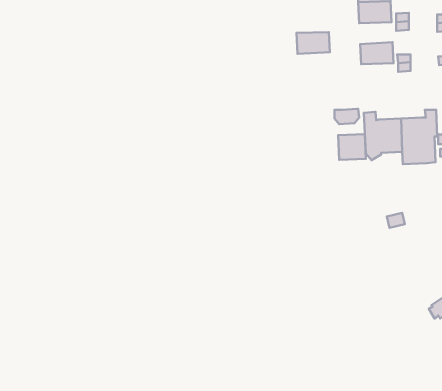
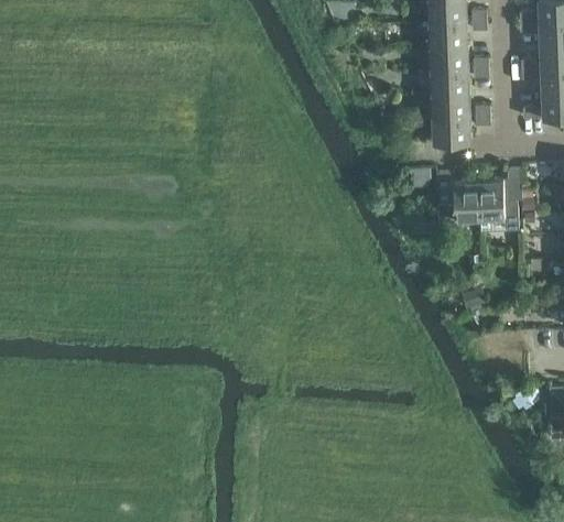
building: [296,32,330,54] -> [432,68,470,94]
building: none -> [434,116,473,142]
building: [338,134,366,160] -> none

